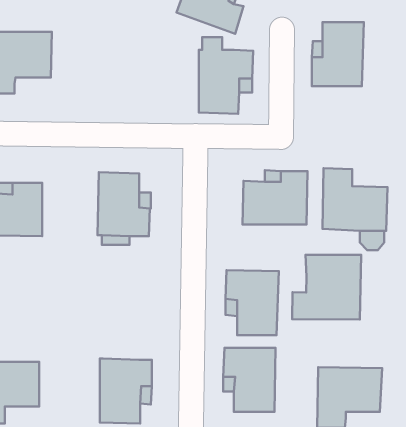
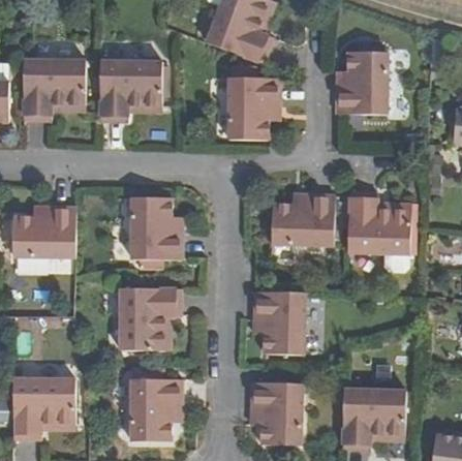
building: none -> [99,60,161,120]
building: [292,255,361,319] -> none
building: none -> [120,287,179,349]

